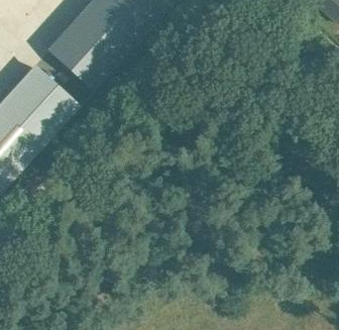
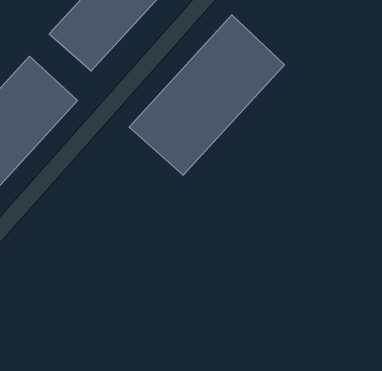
building: none -> [129,15,284,175]

